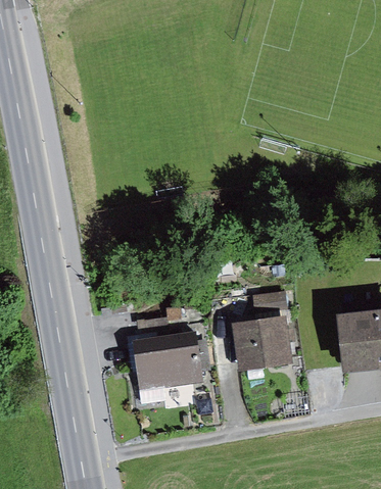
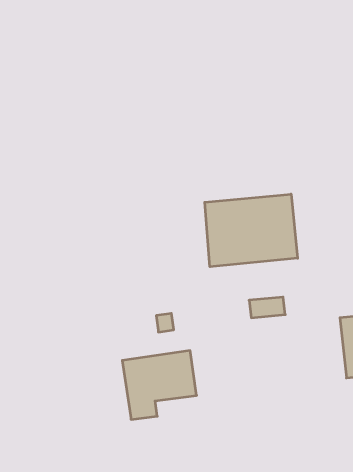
building: none -> [205,194,298,267]
building: [233,313,292,369] -> none

